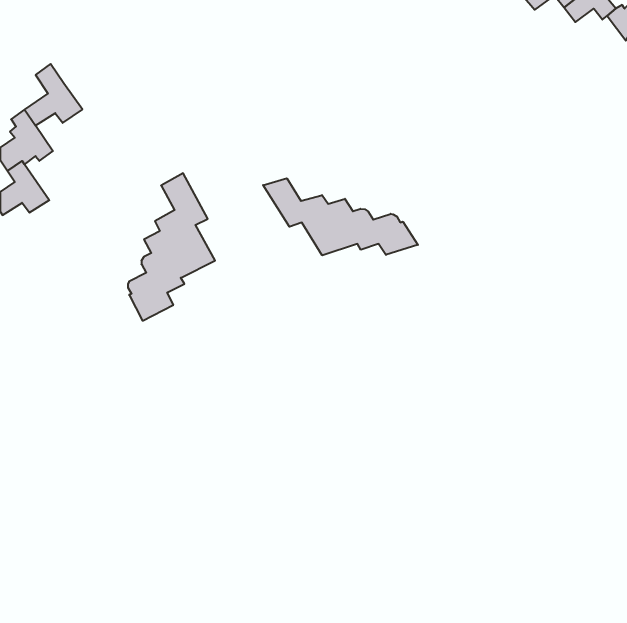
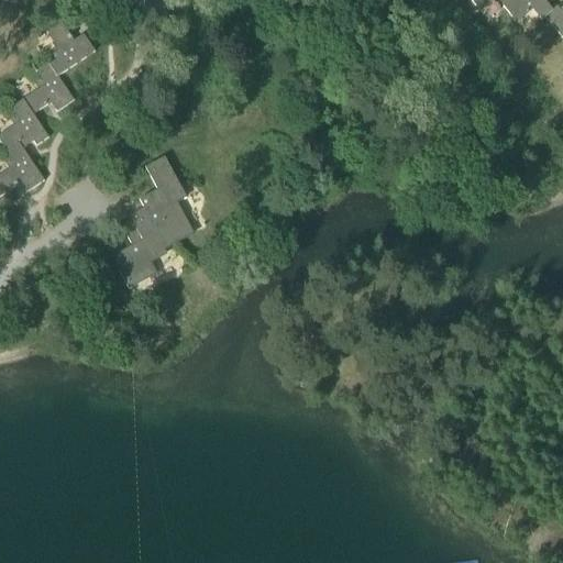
building: none -> [46,20,96,75]
building: [263,178,418,255] -> none

